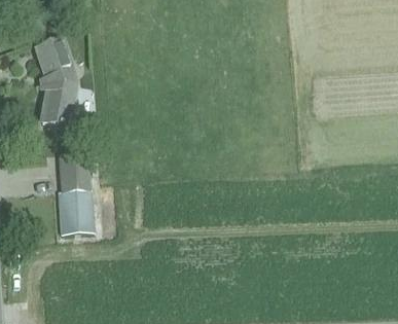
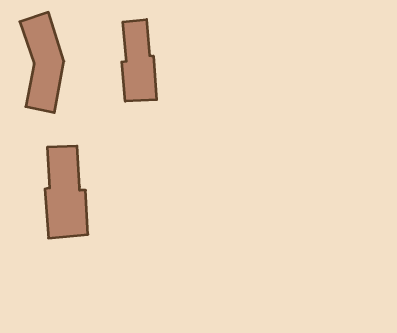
building: none -> [122,19,157,101]

